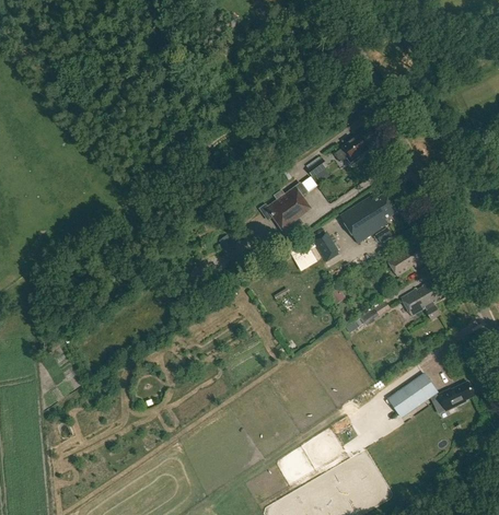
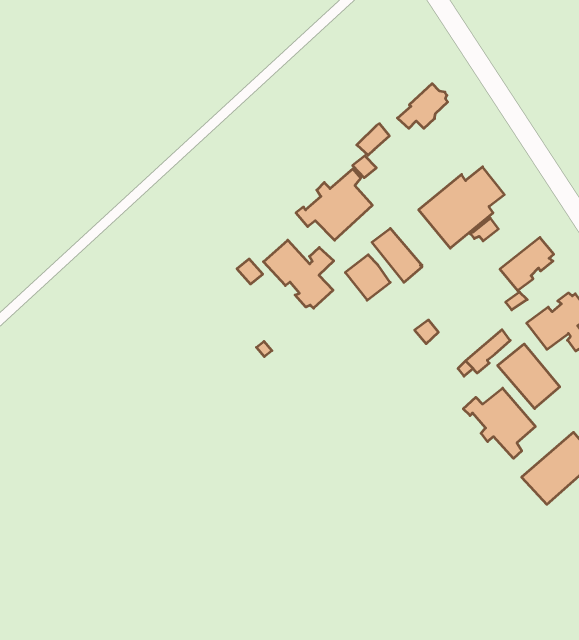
building: none -> [263,240,334,308]
building: none -> [498,344,560,409]
building: none -> [463,388,535,458]

